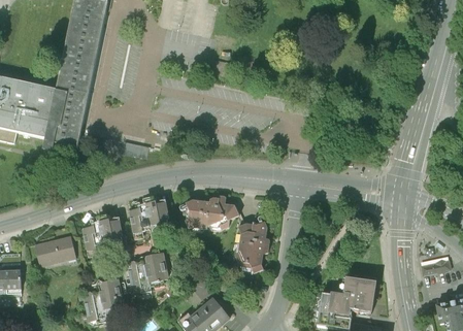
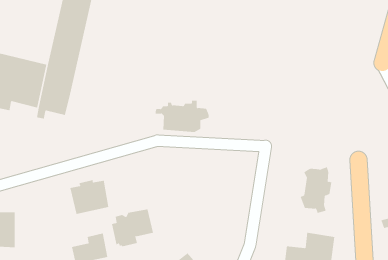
building: [180,194,241,230] -> [155,100,210,133]
building: [129,196,170,238] -> none
building: [234,221,270,273] -> [300,166,332,214]
building: [34,234,76,267] -> none

